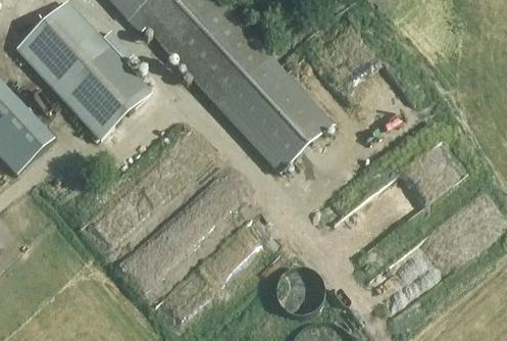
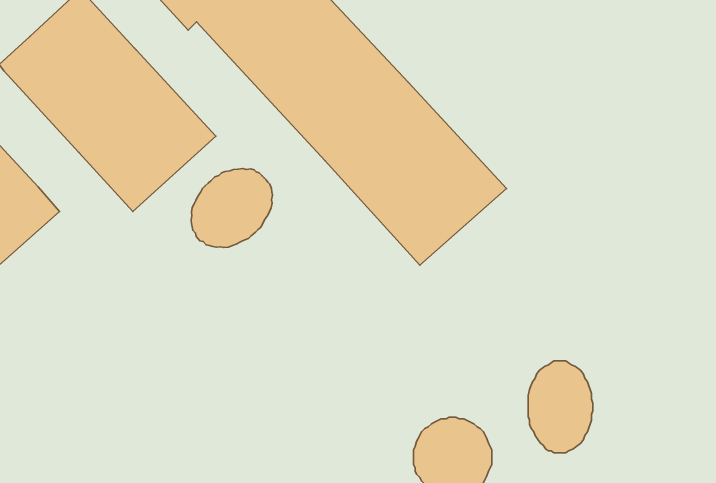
building: none -> [191,169,272,248]
building: none -> [528,361,593,453]

